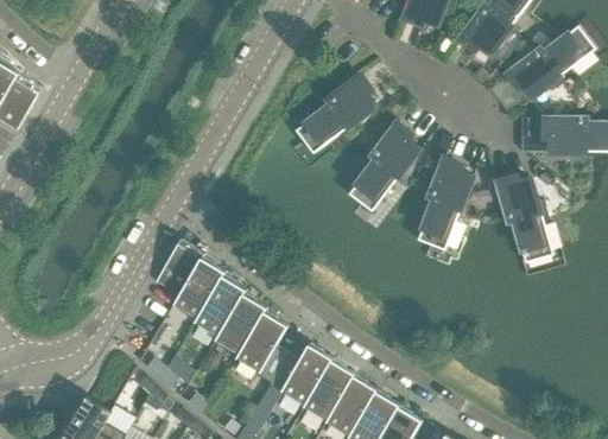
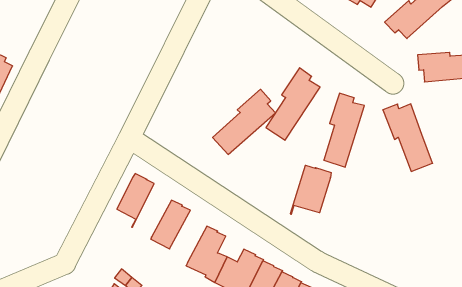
building: [293,75,374,153] -> [213,89,276,154]
building: none -> [290,165,331,214]
building: [171,253,224,319] -> none
building: [213,293,266,354] -> none

